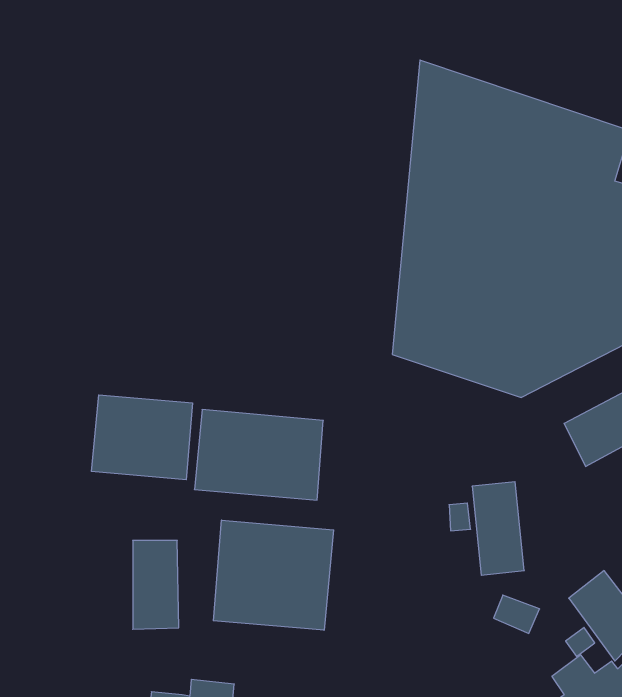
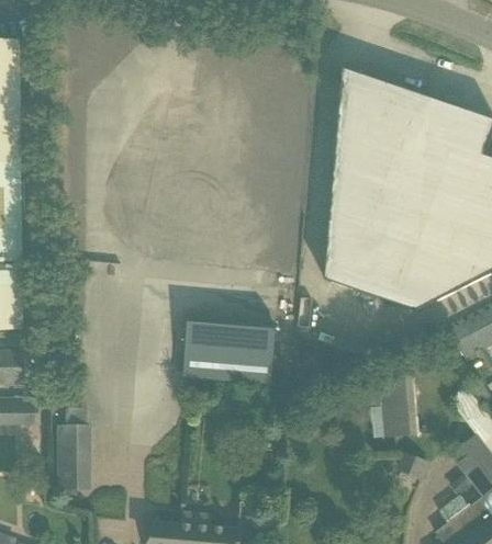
building: [91,395,192,480] -> none
building: [213,520,334,630] -> none
building: [133,540,179,629] -> [58,426,91,489]

